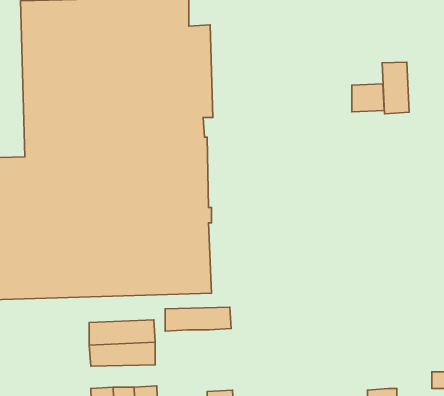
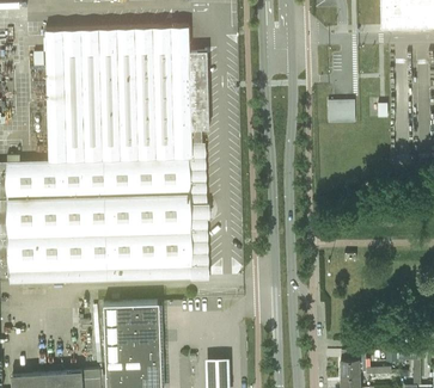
building: [382,62,409,114] -> none
building: [165,307,231,331] -> [105,340,161,361]

